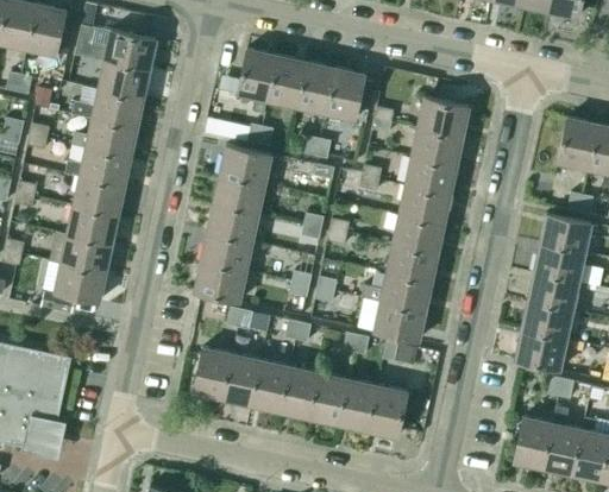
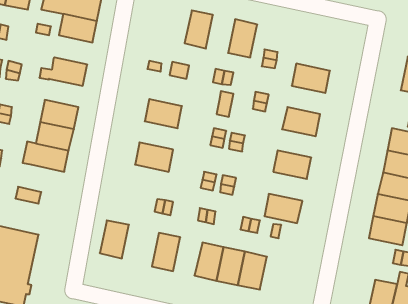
building: [237,49,277,109] -> none
building: [296,62,335,113] -> none
building: [71,89,144,128] -> none
building: [417,97,469,137] -> none
building: [220,145,271,184] -> none
building: [65,147,131,185] -> none
building: [406,157,457,195] -> none
building: [207,204,258,242] -> none
building: [393,215,444,253] -> none
building: [55,263,106,302] -> none
building: [195,263,246,302] -> none
building: [362,272,432,311] -> none
building: [194,348,233,399] -> [100,220,129,258]
building: [252,360,291,411] -> none
building: [369,386,408,437] -> none

